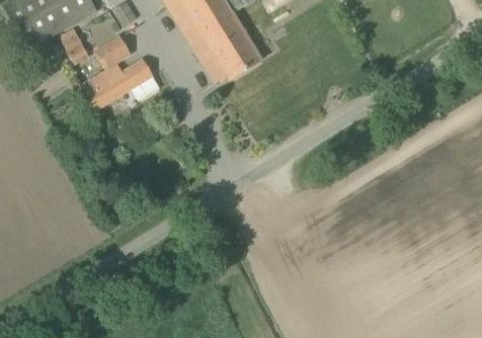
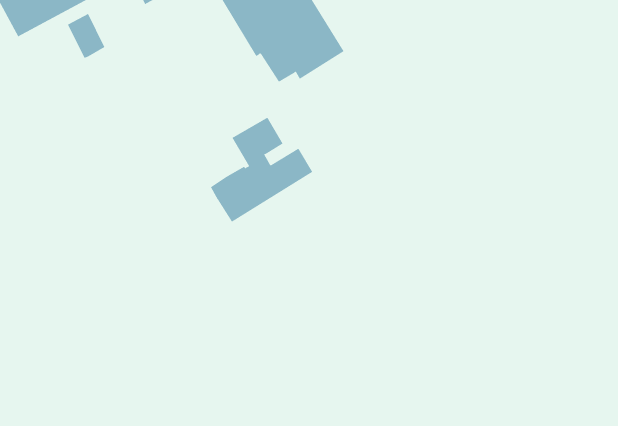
building: [78,35,152,111] -> [210,117,313,222]

